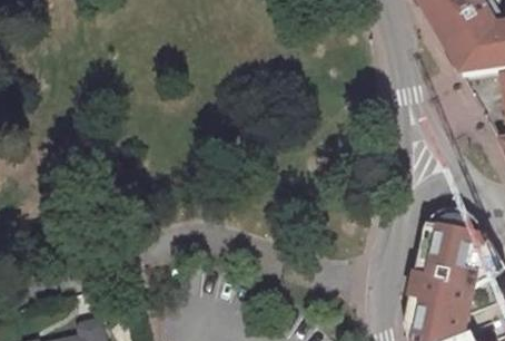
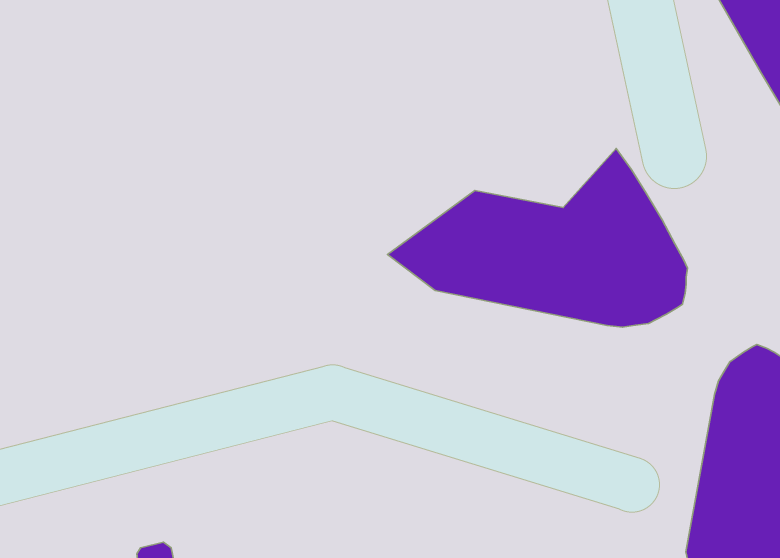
building: none -> [388,149,687,327]

